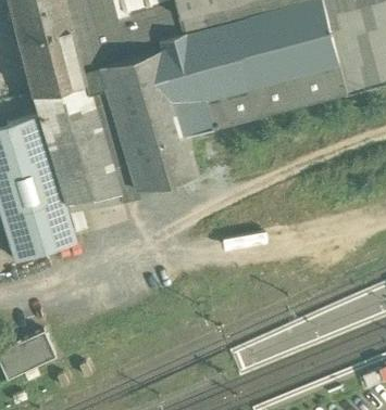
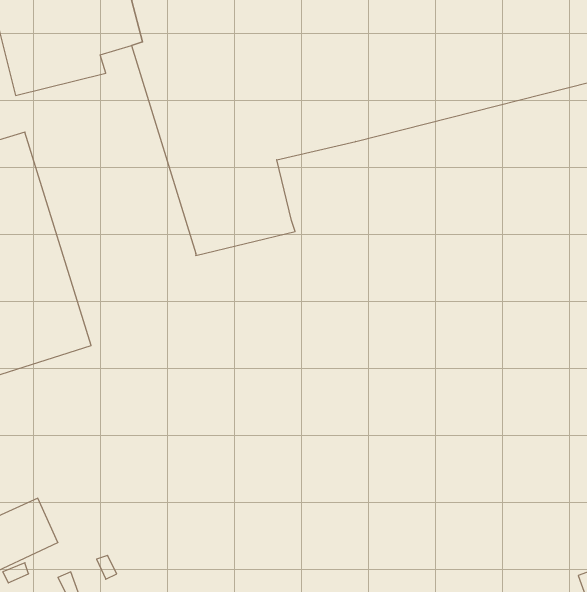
building: [30,63,137,200] -> none

